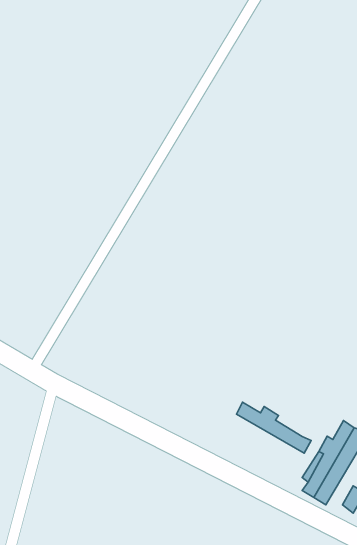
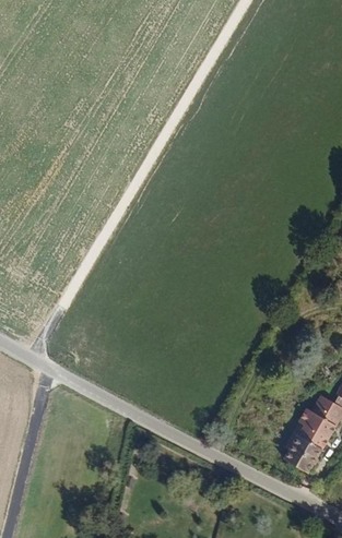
building: [236,402,311,453] -> none

